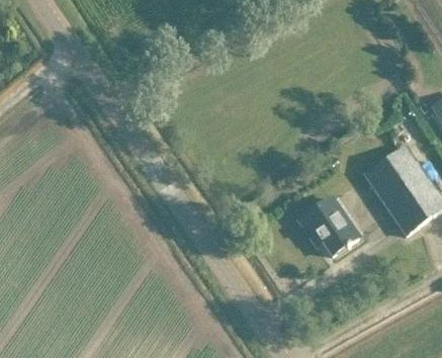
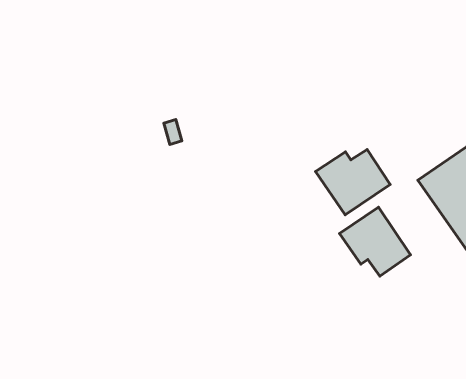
building: none -> [316,149,390,215]

